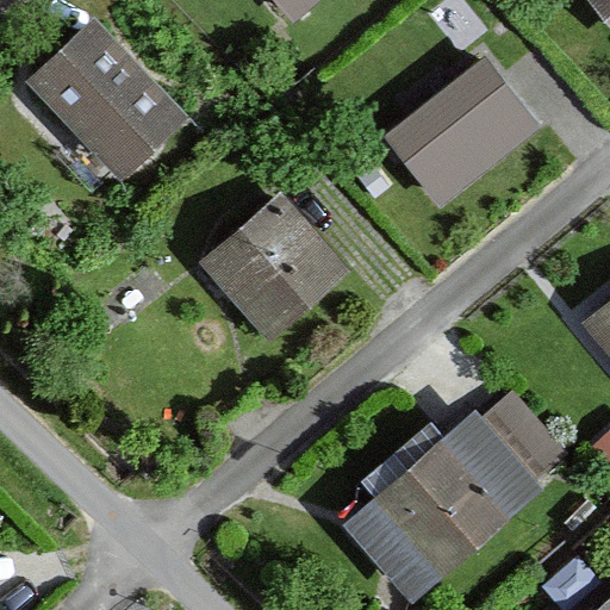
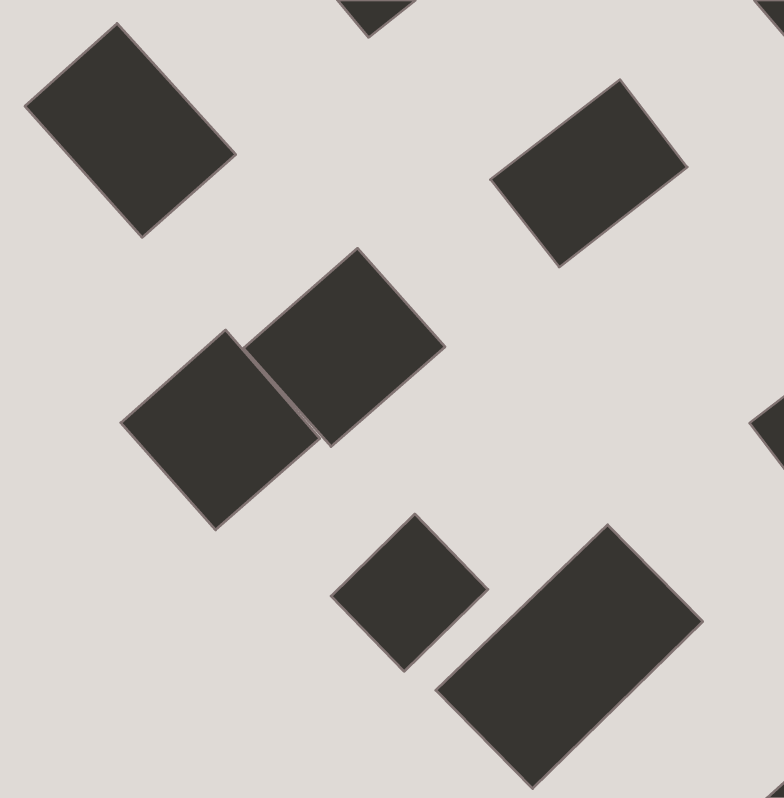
building: none -> [121,330,320,530]
building: none -> [331,514,488,671]

